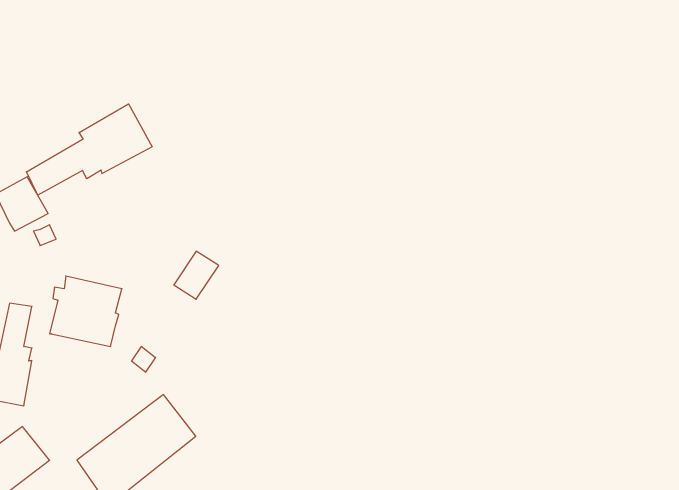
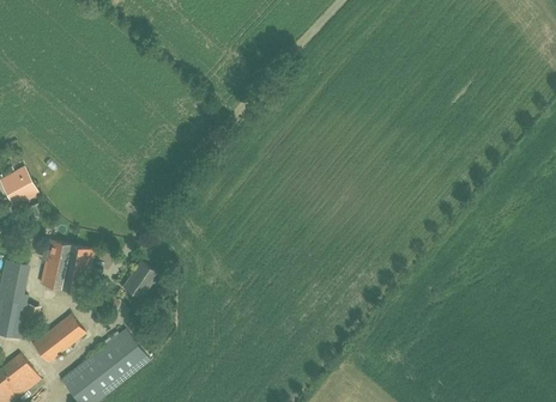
building: [26,104,152,195] -> none
building: [174,251,219,299] -> [123,262,157,298]
building: none -> [31,313,85,364]

